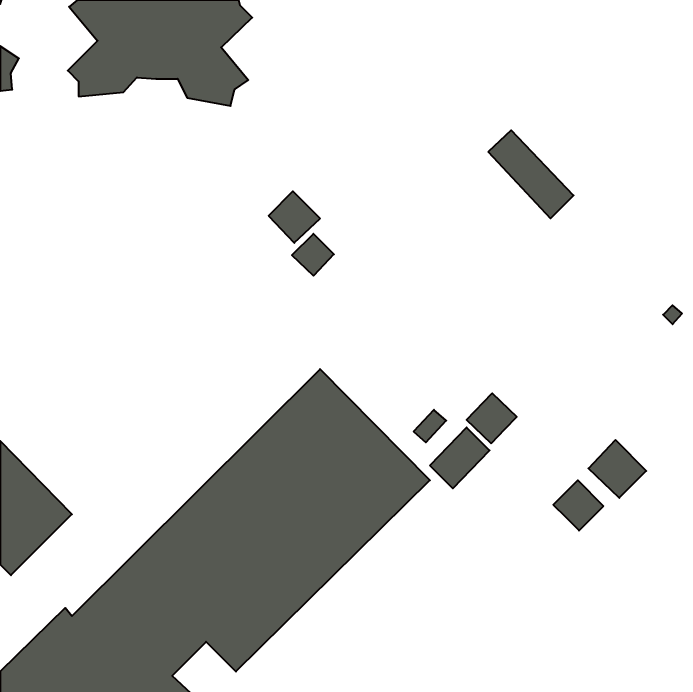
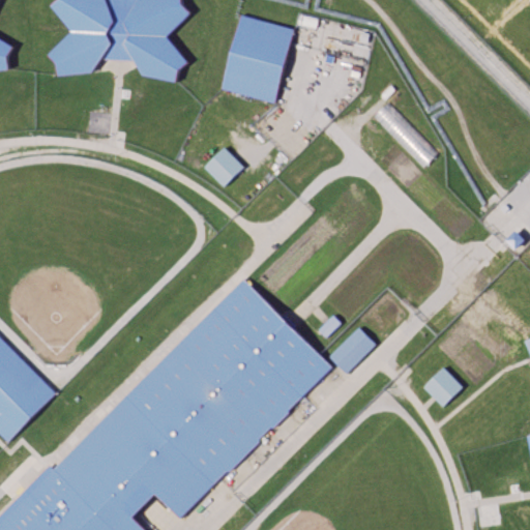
building: none -> [222,13,295,104]
building: [292,234,334,276] -> none
building: [467,393,517,443] -> none
building: [588,440,646,498] -> none

